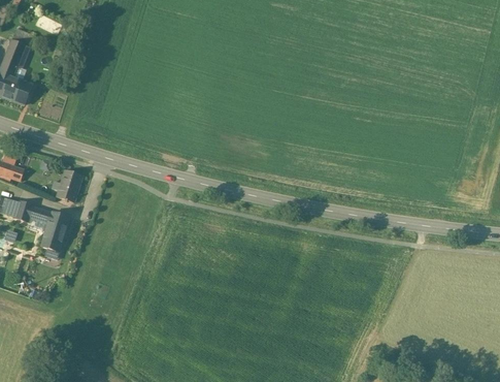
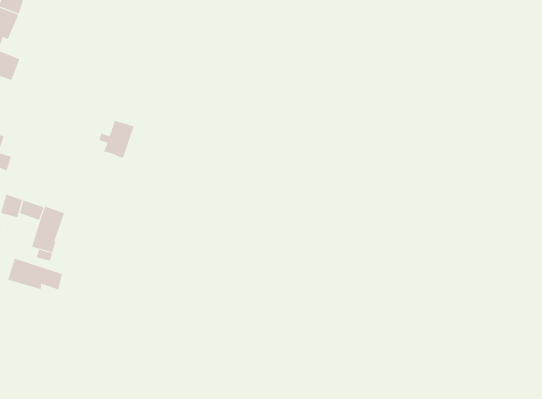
building: [52,169,82,202] -> [98,120,134,159]
building: none -> [7,258,63,290]

